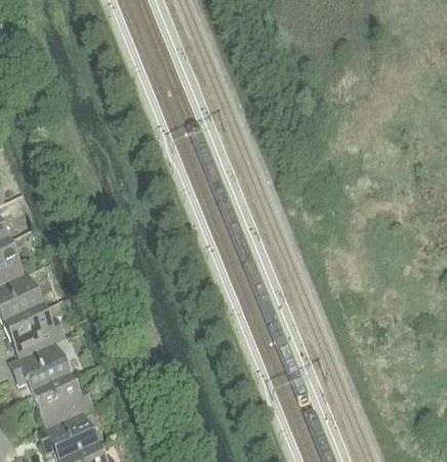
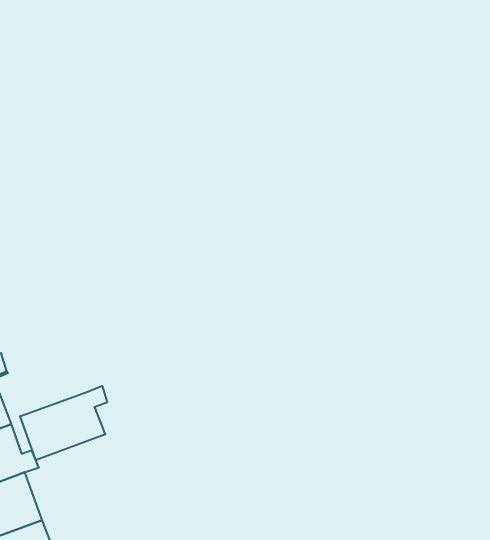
building: none -> [20,386,107,460]

